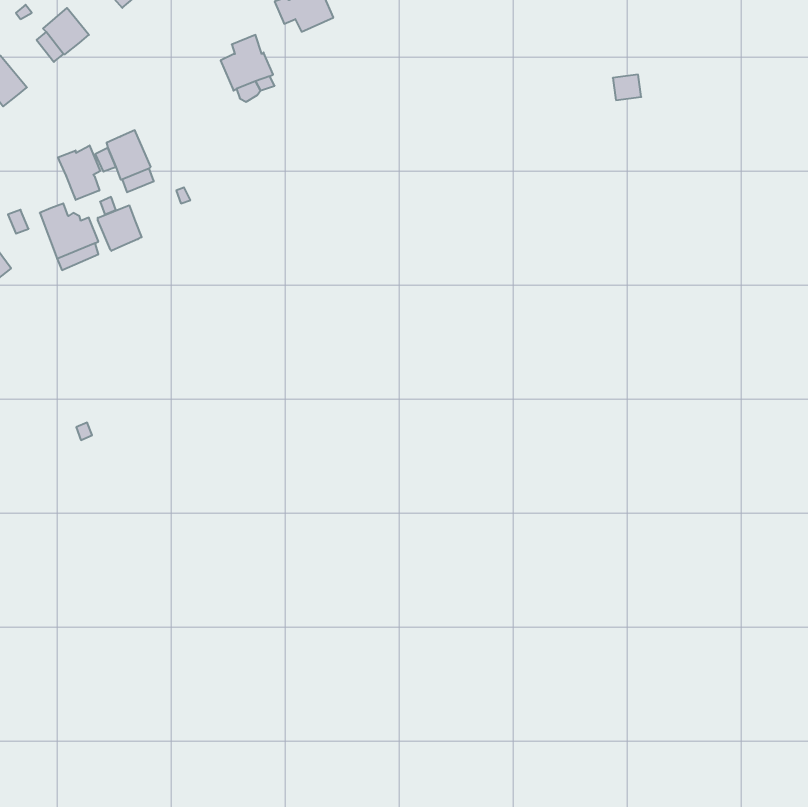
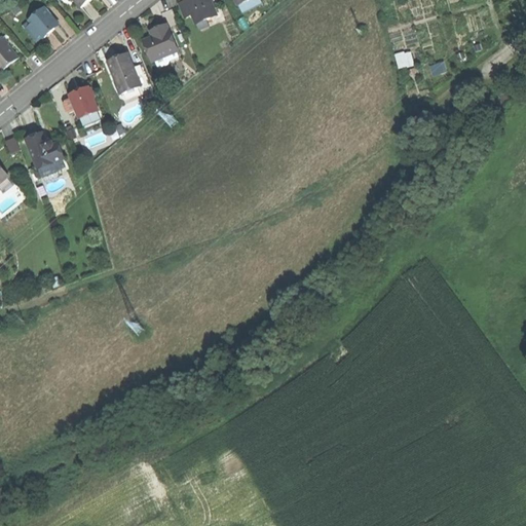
building: none -> [107,51,140,91]
building: [58,145,100,200] -> none
building: [98,205,142,251] -> none

